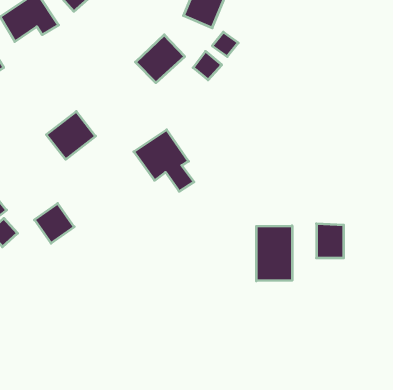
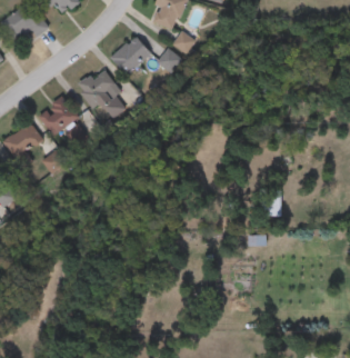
building: [134,130,194,191] -> [77,67,126,117]
building: [34,203,74,243] -> [11,121,43,153]
building: [256,226,292,281] -> none

